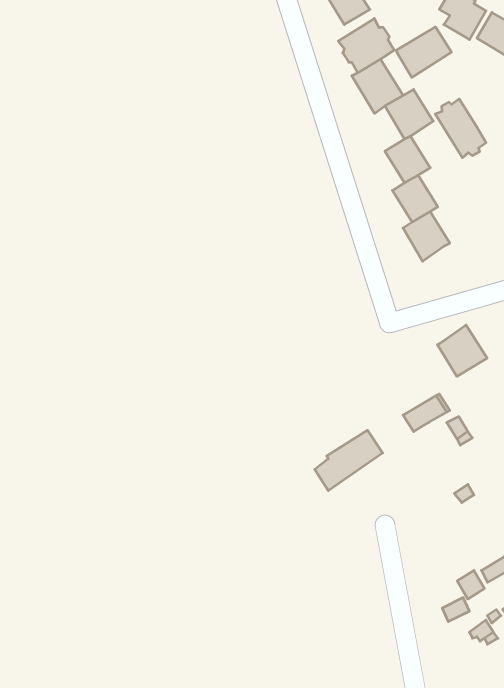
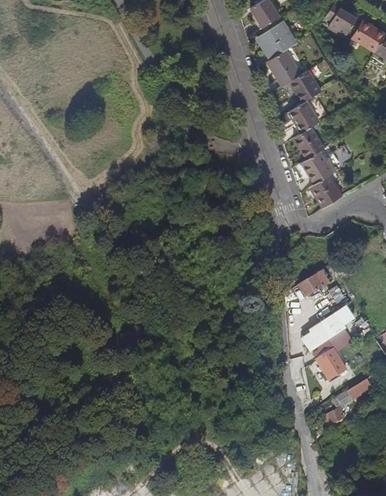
building: [396,27,451,77] -> none
building: [435,99,486,158] -> none
building: [437,325,487,376] -> [309,174,342,208]
building: [315,430,383,491] -> [301,313,346,353]
building: none -> [315,344,348,380]

